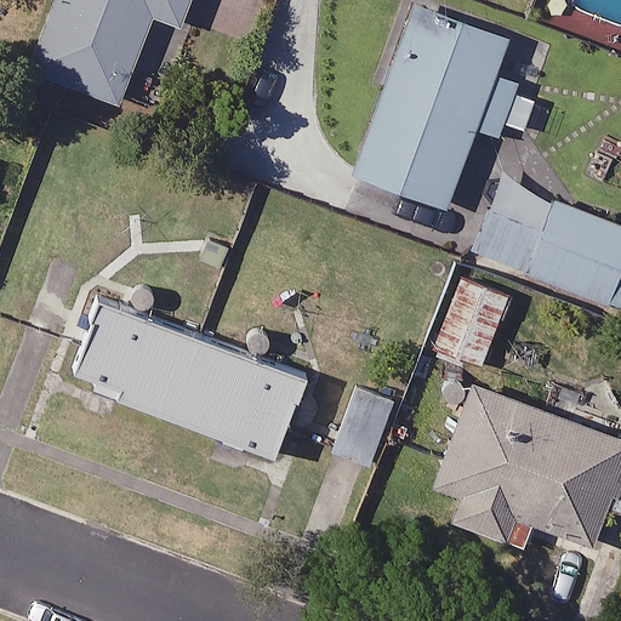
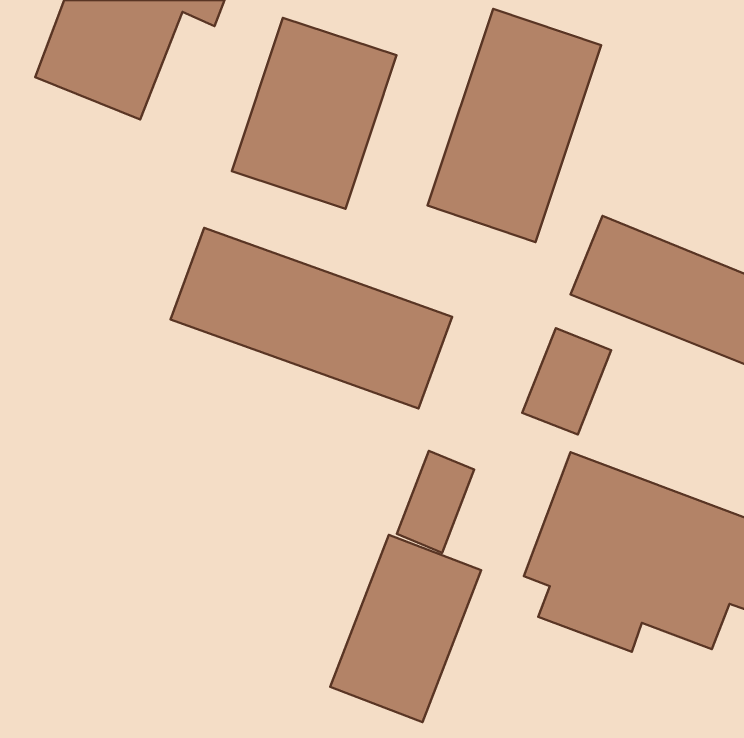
building: none -> [232,18,397,209]
building: [67,303,301,454] -> [171,228,452,409]
building: none -> [330,535,481,722]

